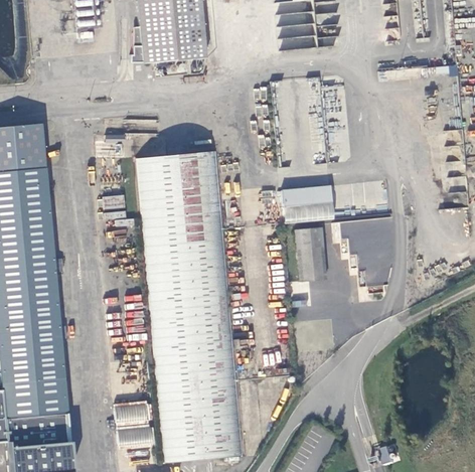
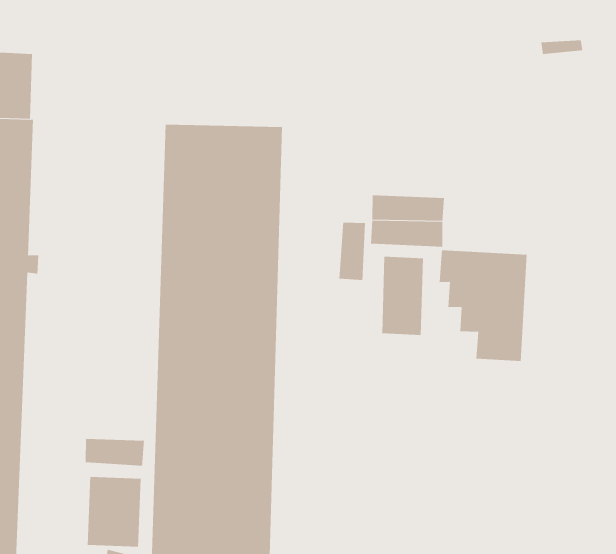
building: none -> [339,222,365,281]
building: none -> [85,438,144,466]

